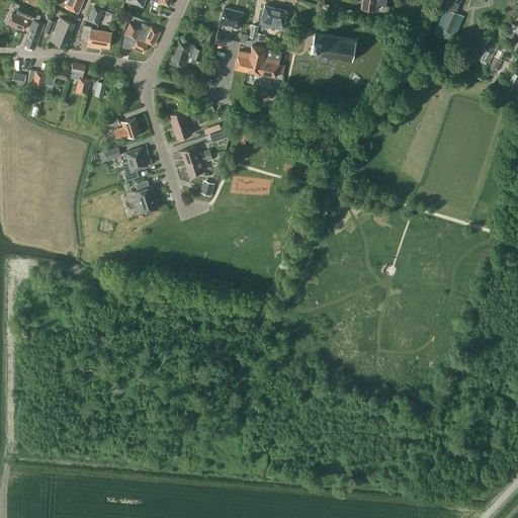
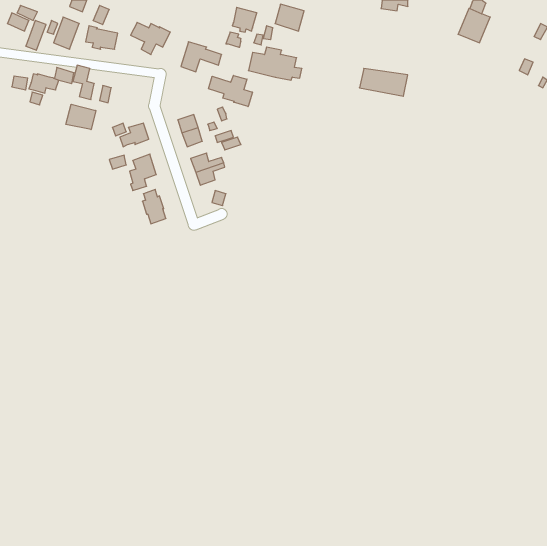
building: [311,34,356,61] -> [359,68,408,96]
building: none -> [209,75,252,107]
building: none -> [66,104,96,130]

